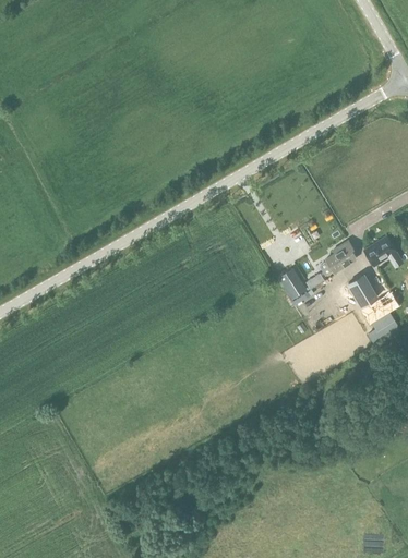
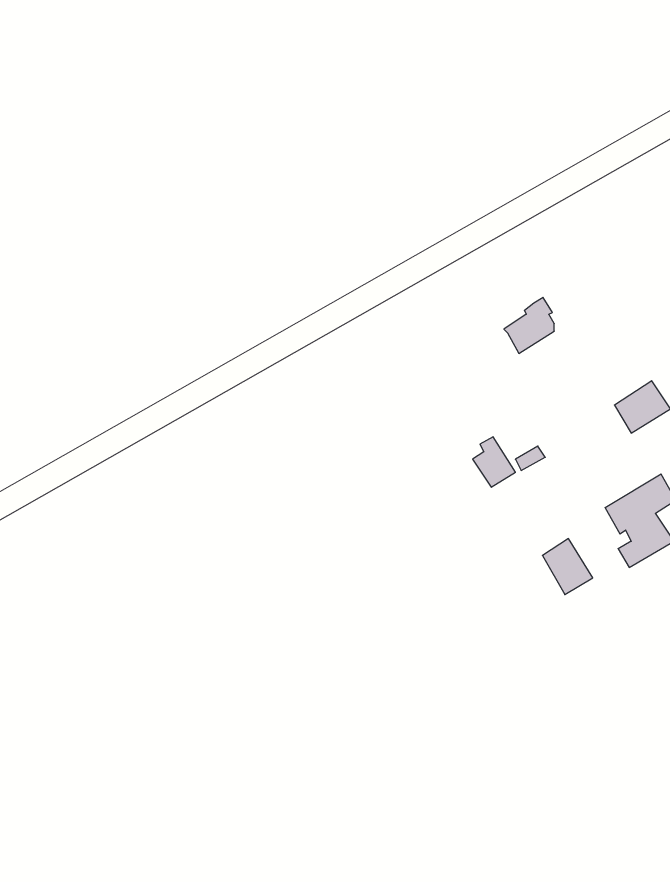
building: [325,240,355,272] -> [504,297,554,353]
building: [348,274,377,306] -> [542,539,593,595]

